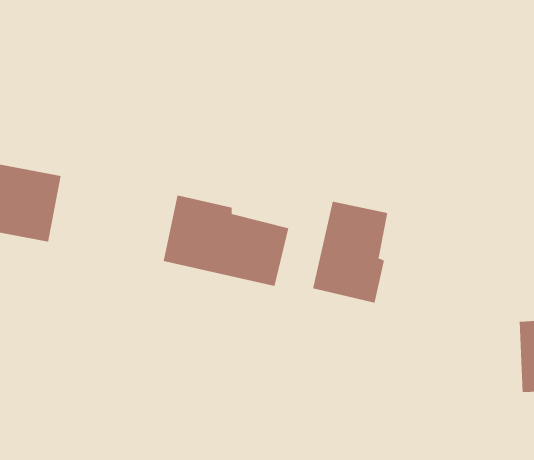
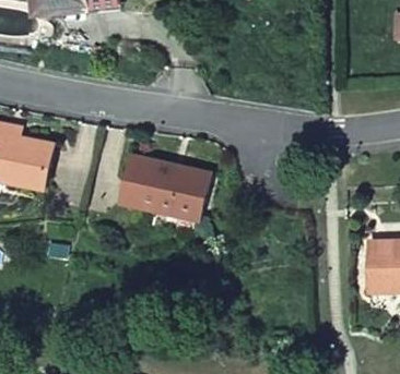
building: [313,201,388,303] -> none

